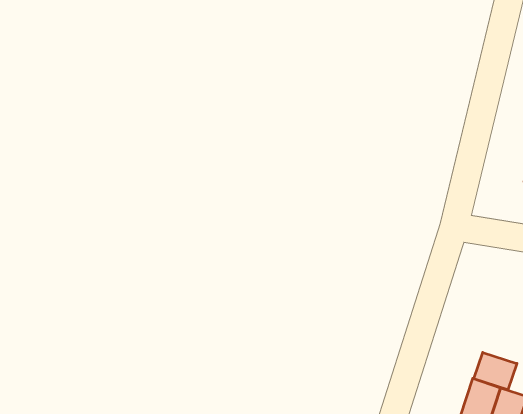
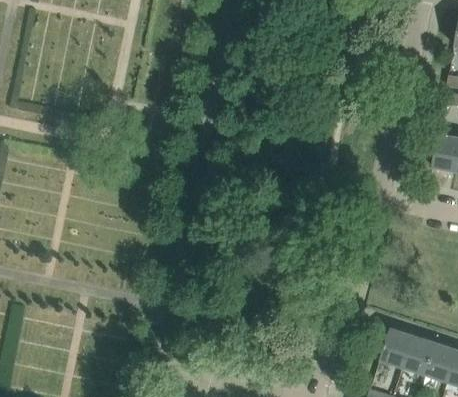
building: [474,352,517,390] -> none

